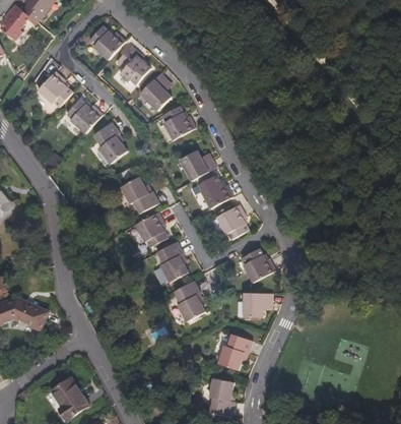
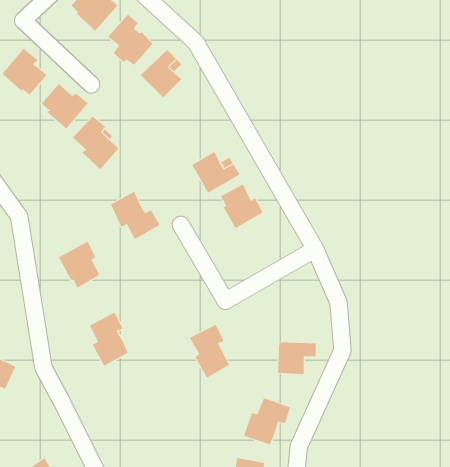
building: [164,104,198,138] -> none
building: [216,204,248,239] -> none
building: [134,213,165,248] -> [58,241,100,288]
building: [157,241,187,282] -> [89,312,128,366]
building: [242,247,275,281] -> none

